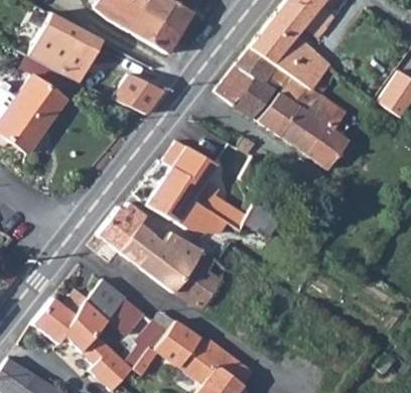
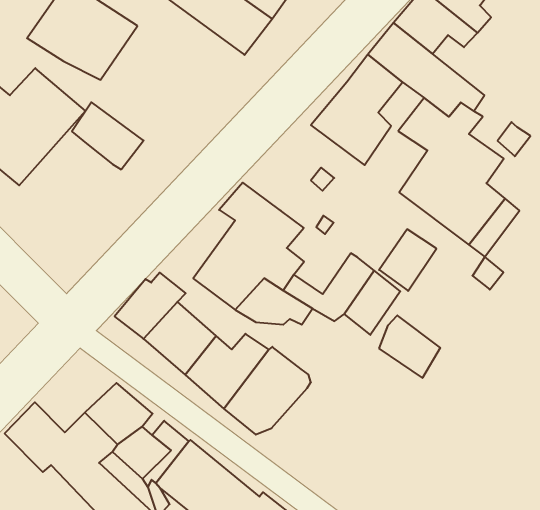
building: [118,76,165,118] -> [72,102,144,169]
building: [259,97,295,137] -> [379,229,436,291]
building: none -> [379,315,440,378]

